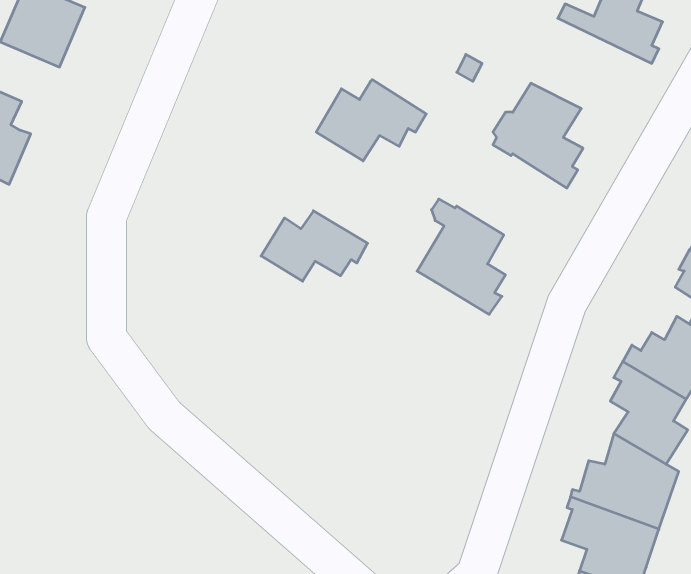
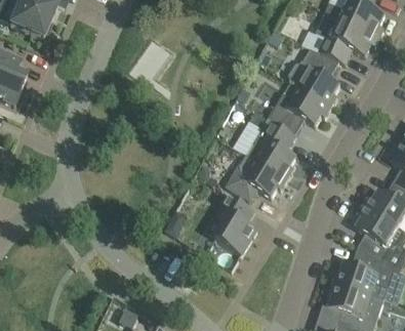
building: none -> [317,11,379,65]
building: [316,80,426,161] -> [269,88,331,134]
building: [261,211,368,281] -> [227,161,287,201]
building: none -> [215,196,258,255]

